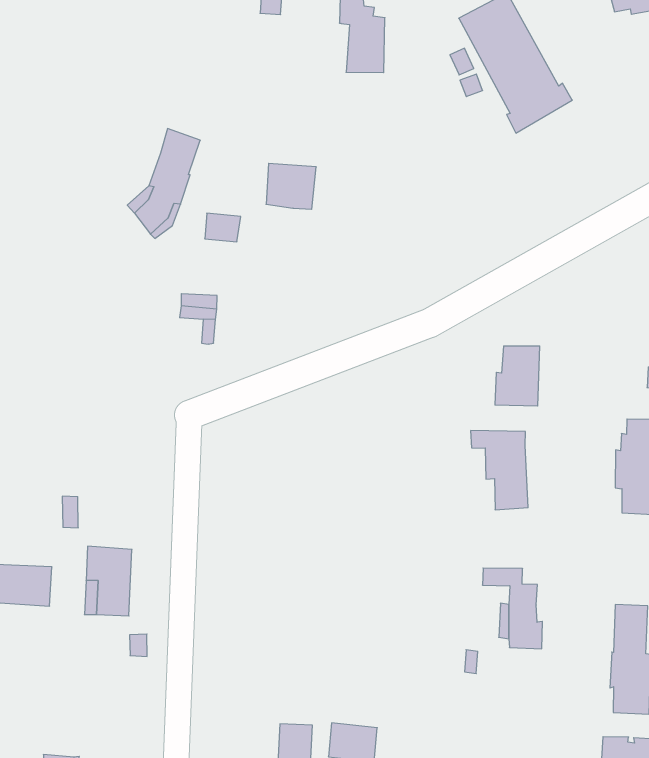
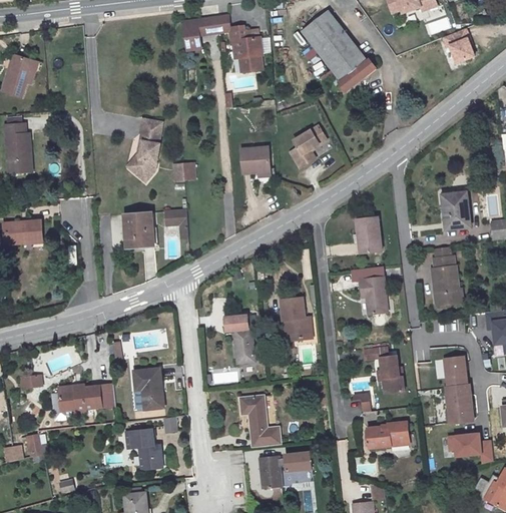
building: [266,163,316,209] -> [239,144,269,170]
building: none -> [292,124,329,165]
building: none -> [124,212,153,246]
building: none -> [281,299,311,342]
building: none -> [225,315,262,363]
building: none -> [239,396,279,446]
building: none -> [129,429,161,469]
building: none -> [368,421,409,448]

